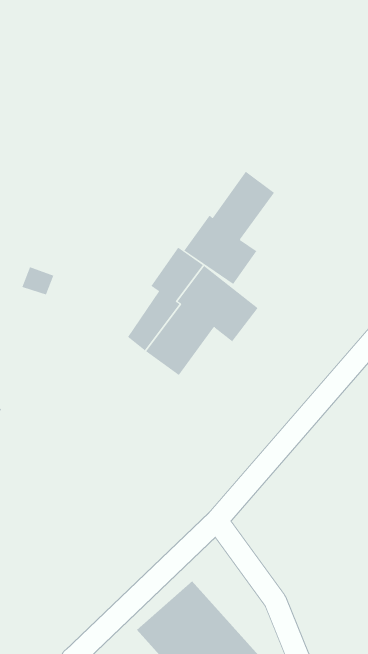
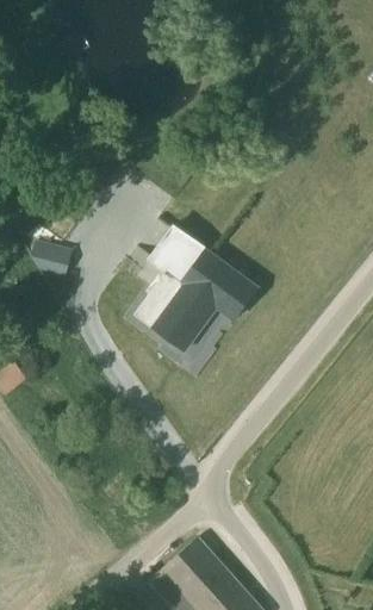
building: [184,171,275,285] -> none

